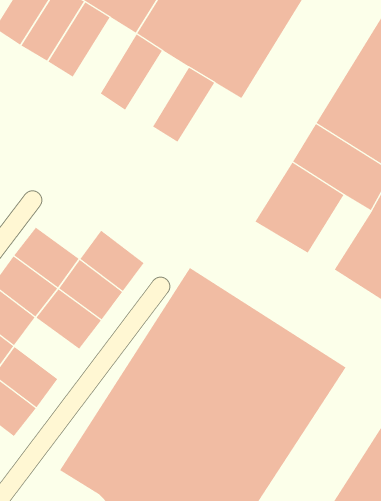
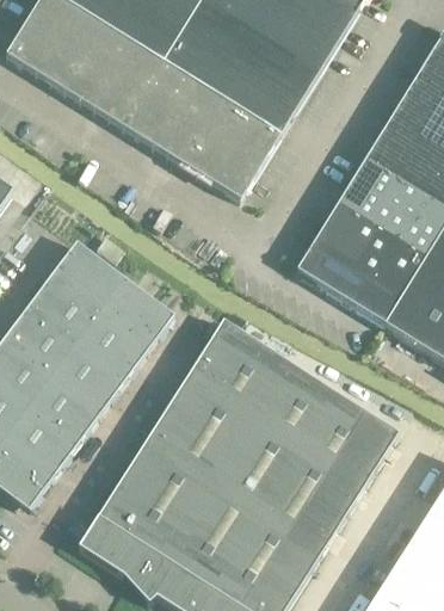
building: none -> [94,39,165,124]
building: none -> [153,76,223,161]
building: none -> [211,112,283,197]
building: none -> [357,237,427,321]
building: none -> [53,241,125,309]
building: none -> [29,375,101,444]

